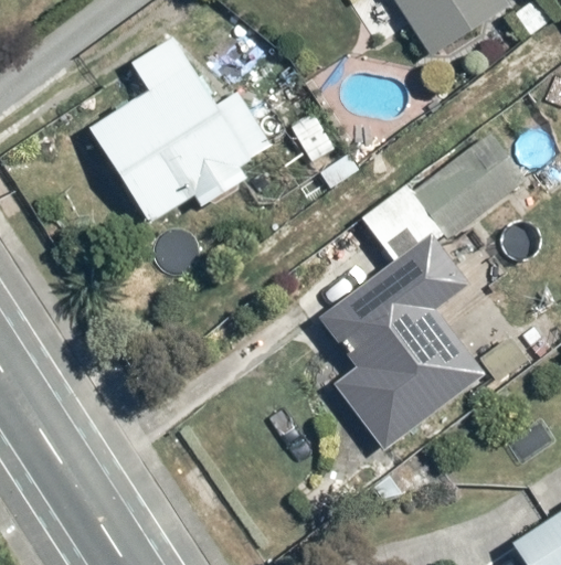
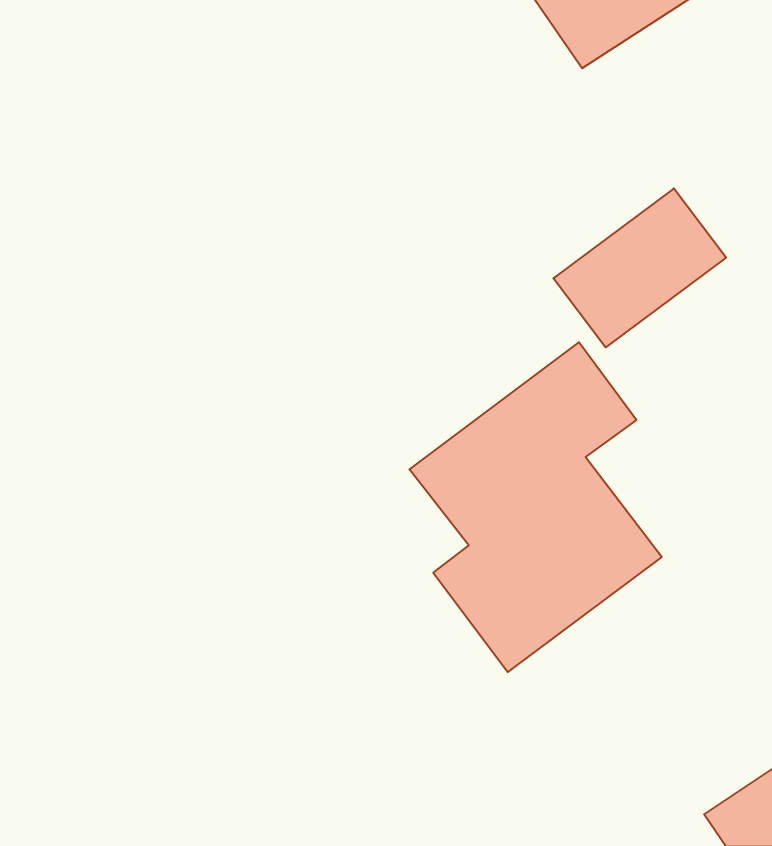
building: [91,38,269,221] -> none

